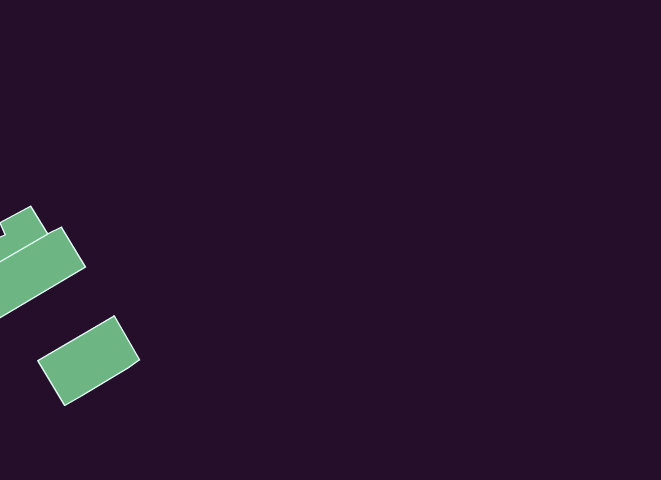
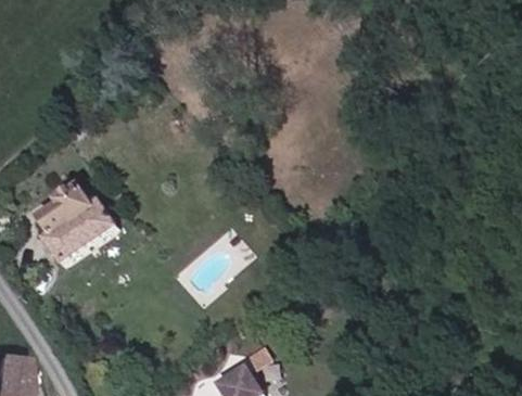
building: [38,316,140,405] -> none

